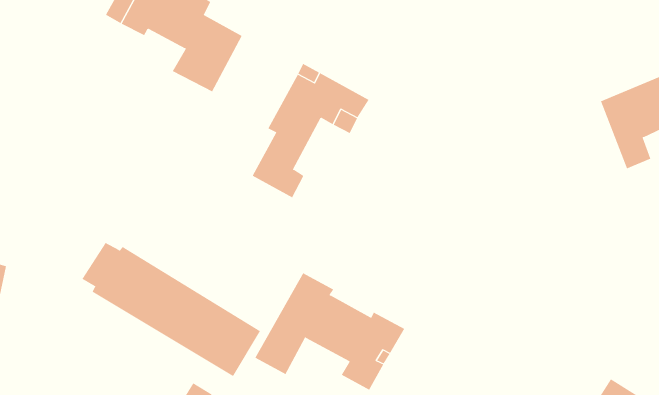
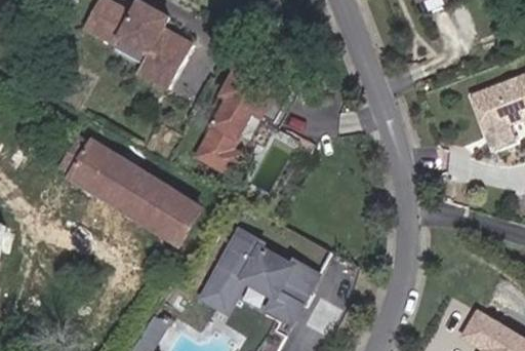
building: [81,242,261,377] -> [62,139,202,244]

